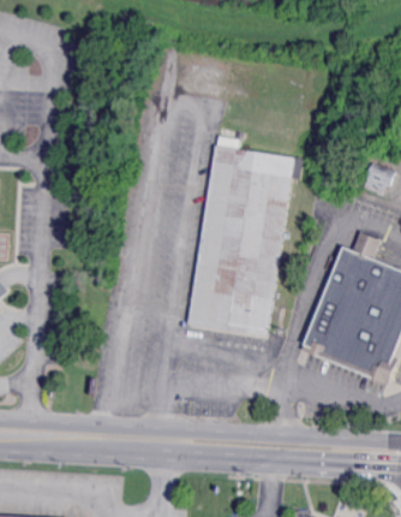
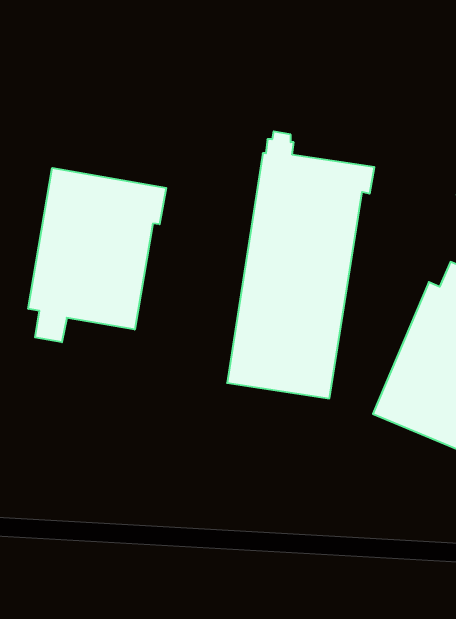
building: none -> [28,168,166,342]

